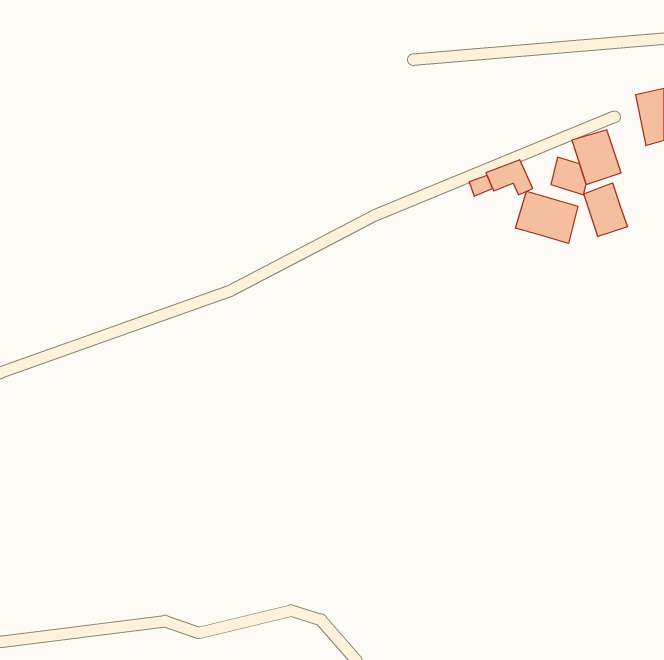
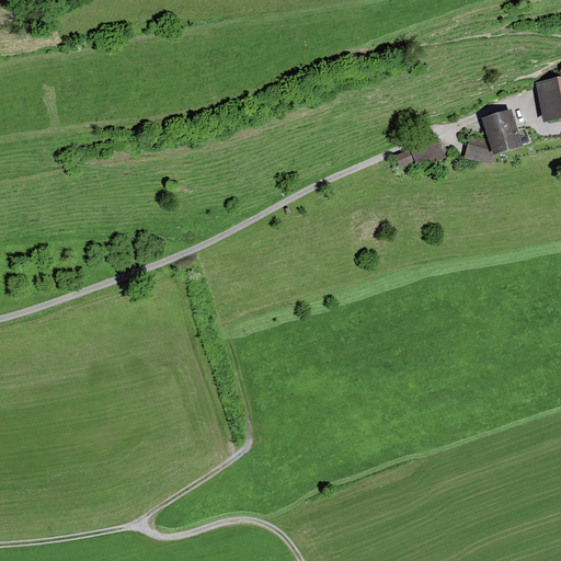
building: [584,183,627,237] -> none
building: [516,191,578,243] -> none

